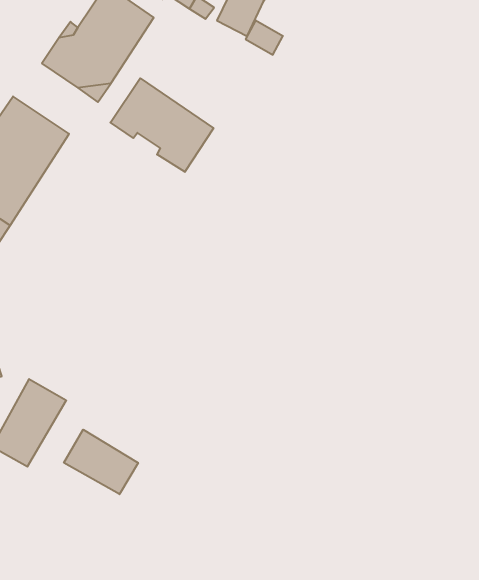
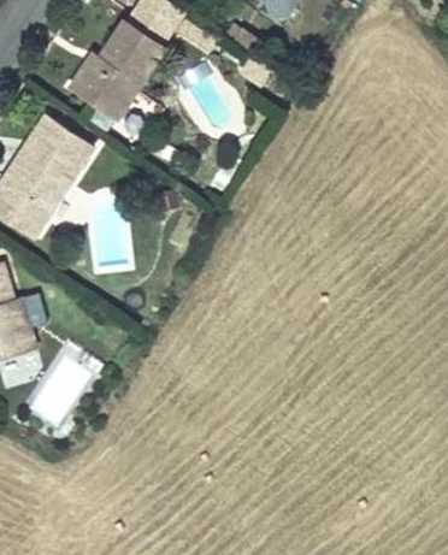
building: [110,78,213,172] -> none
building: [64,430,138,494] -> none

